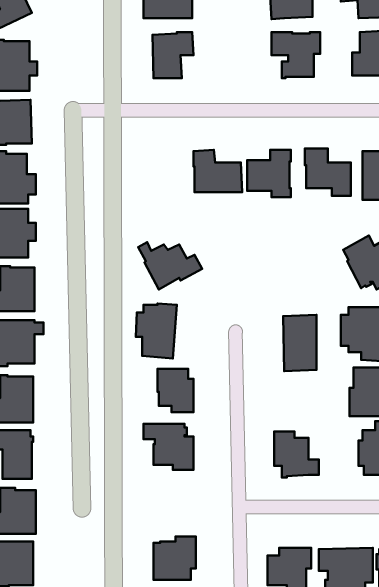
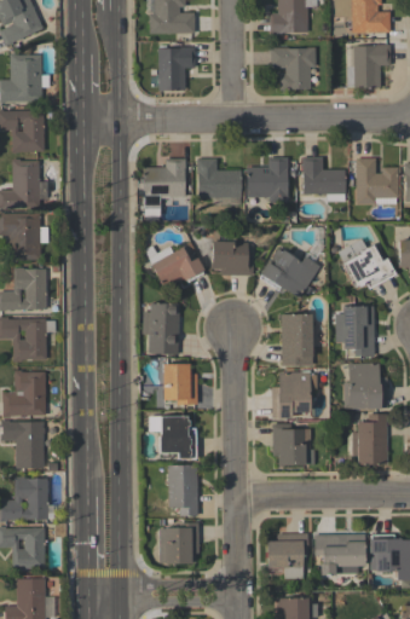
building: none -> [142,158,185,215]
building: none -> [210,231,254,276]
building: none -> [259,248,321,299]
building: none -> [271,371,317,418]
building: none -> [167,465,197,516]

